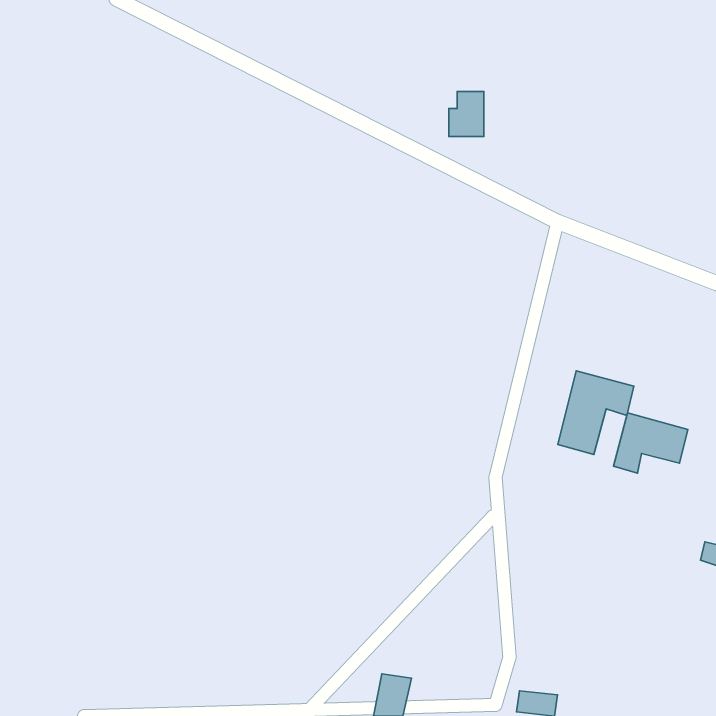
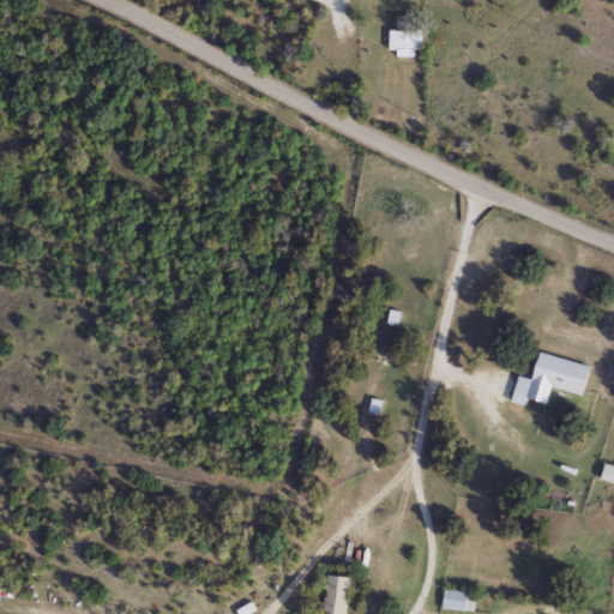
building: [449,92,484,137] -> [389,14,419,53]
building: [558,371,634,454] -> none

